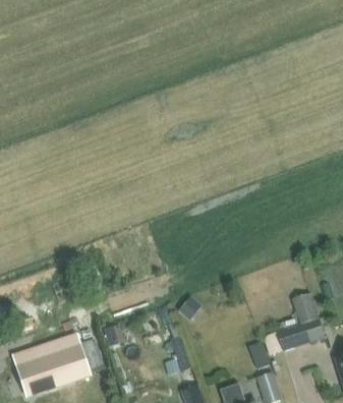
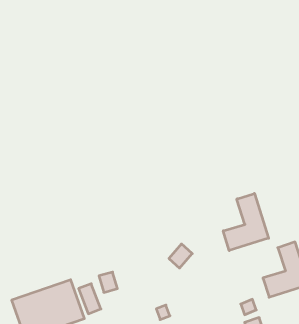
building: none -> [223,193,269,251]

